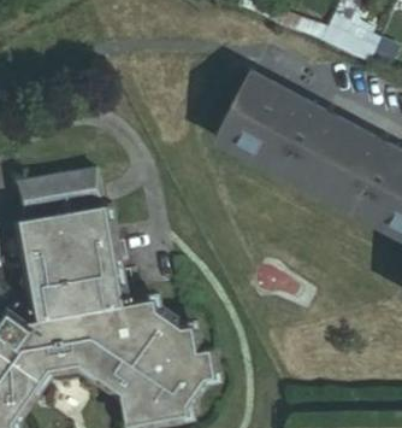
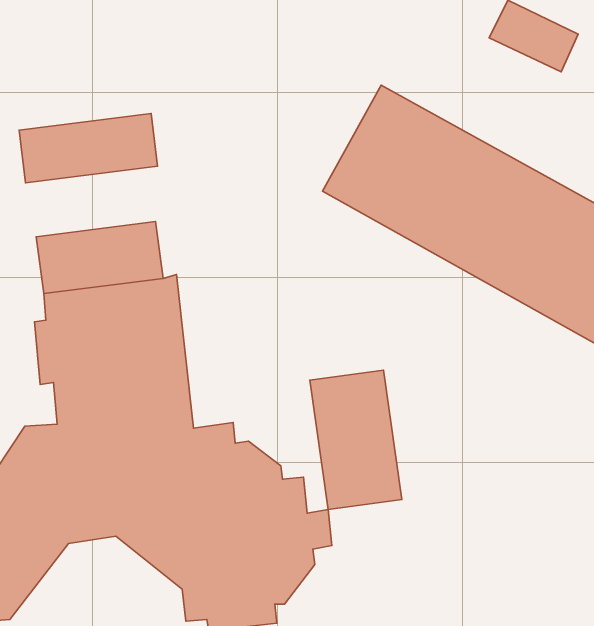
building: none -> [19,114,157,183]
building: none -> [310,370,402,510]

